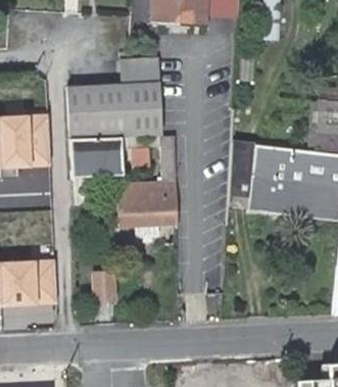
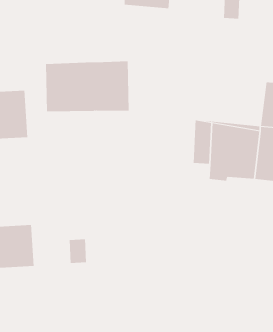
building: [122,61,160,84] -> none
building: [71,137,125,171] -> none
building: [120,137,177,236] -> none

